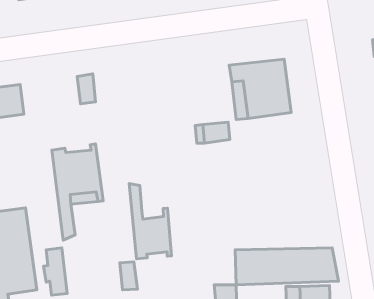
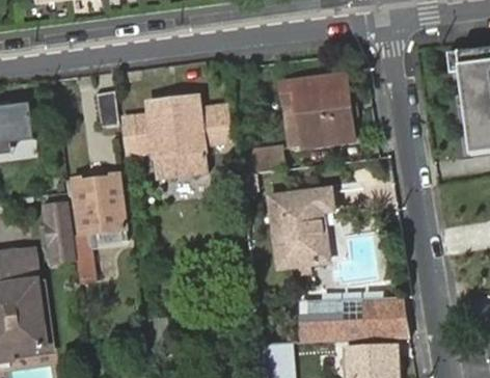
building: none -> [128,97,233,179]
building: none -> [273,190,335,267]
building: [129,183,172,259] -> none
building: [44,248,67,295] -> [48,205,76,261]

